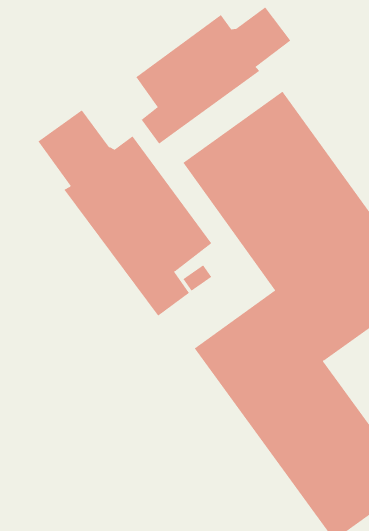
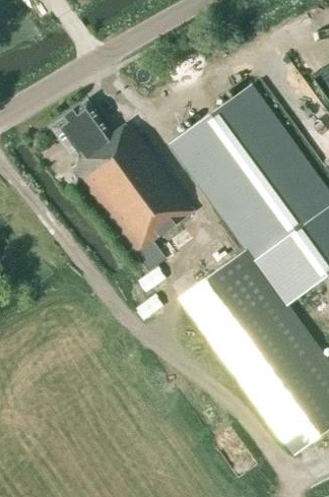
building: [136,6,291,145] -> none

